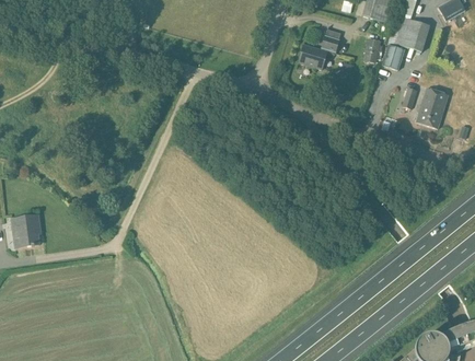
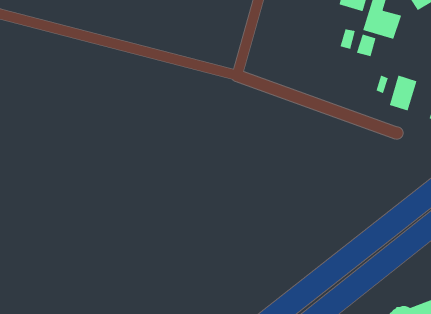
building: [299,28,339,68] -> none
building: [10,214,39,247] -> none

